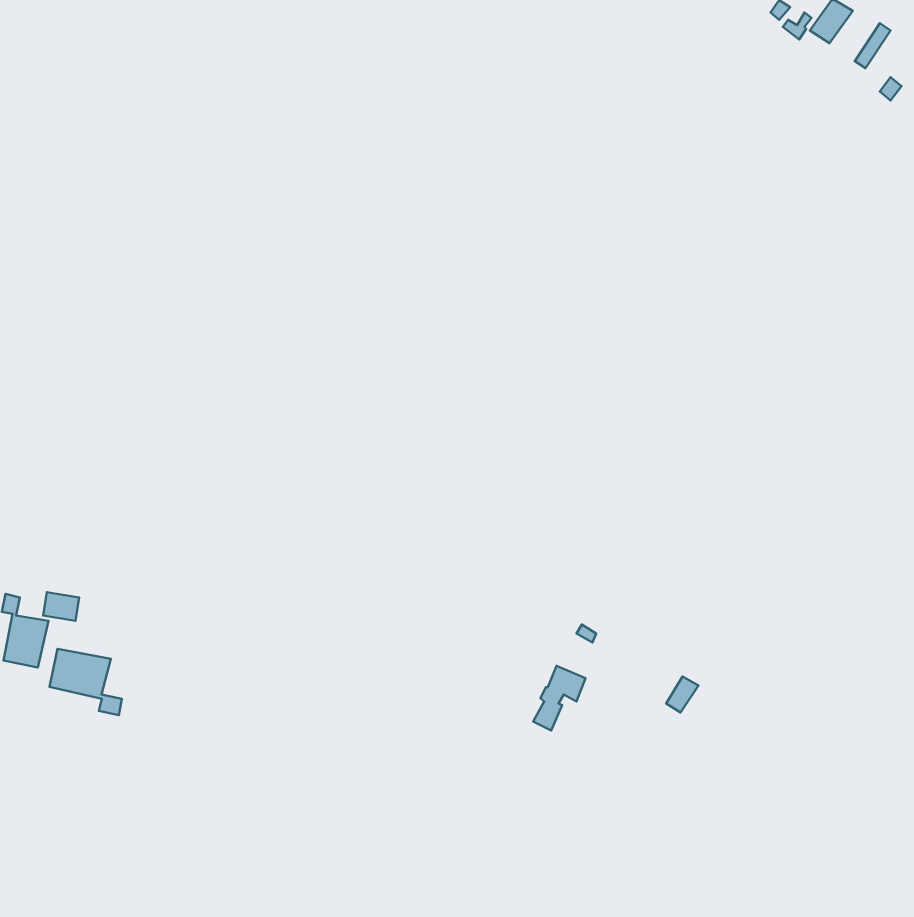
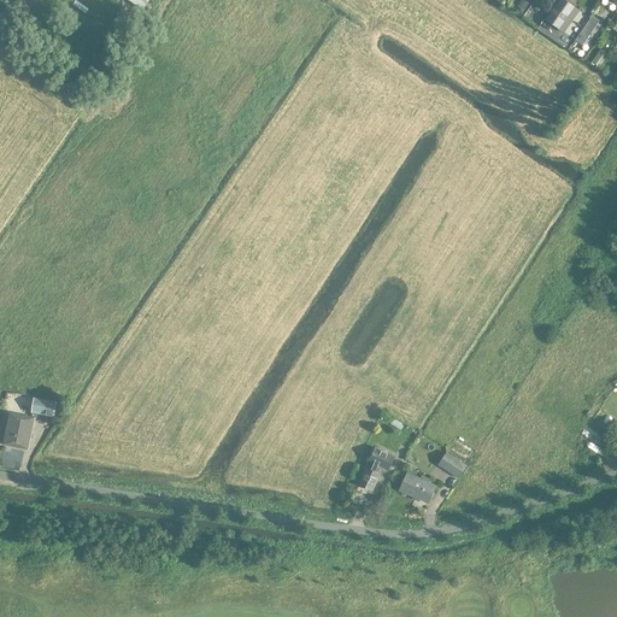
building: [50,649,122,715] -> none
building: none -> [395,466,437,504]

